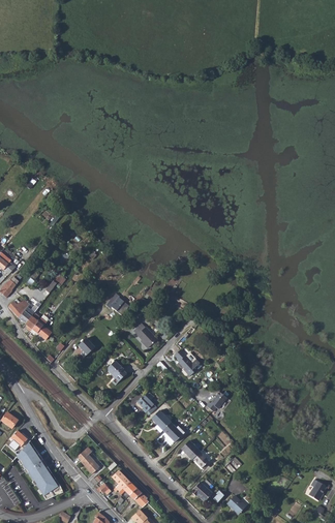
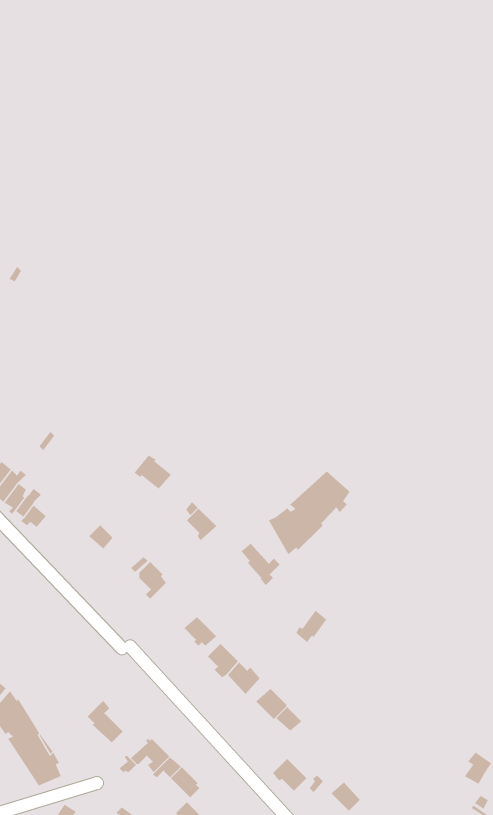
building: none -> [268,471,350,556]

